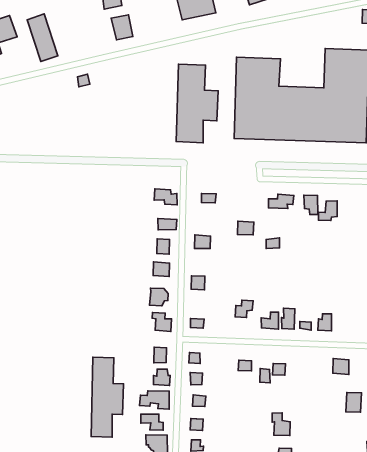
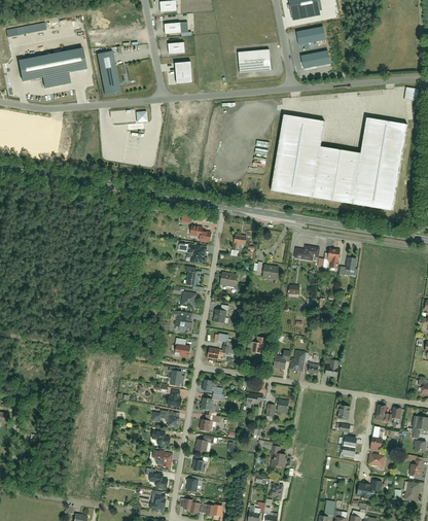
building: [176,64,218,143] -> none
building: [91,357,123,437] -> none

